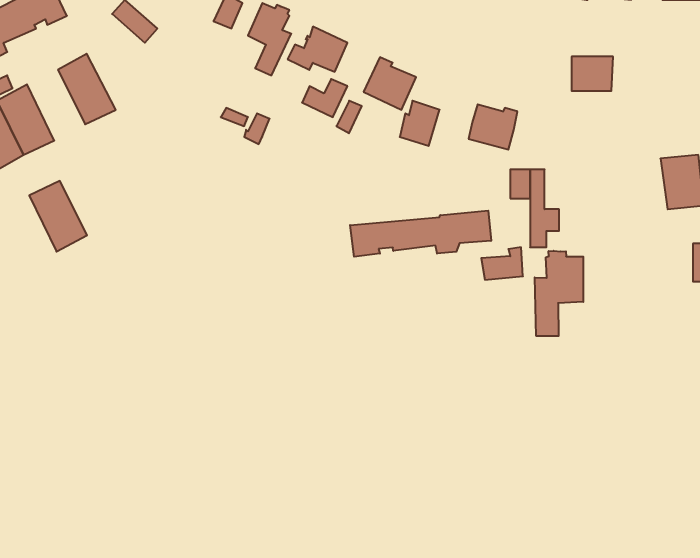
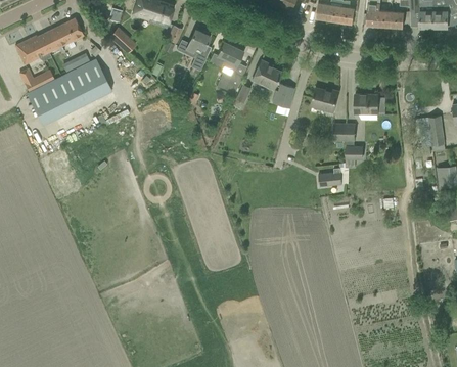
building: [572,57,613,91] -> [355,94,378,113]
building: [29,181,87,252] -> [61,67,94,107]
building: [350,211,491,257] -> none
building: [535,251,583,336] -> none

